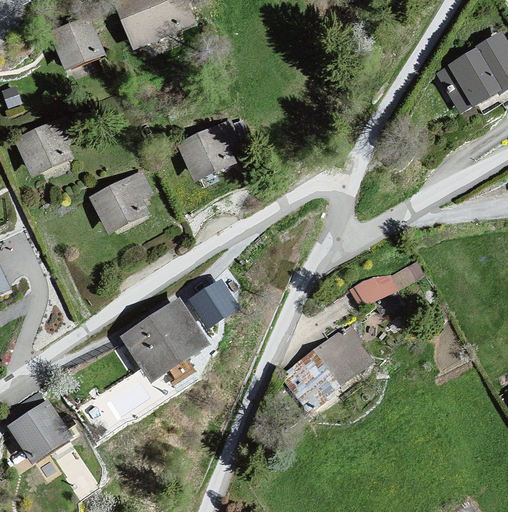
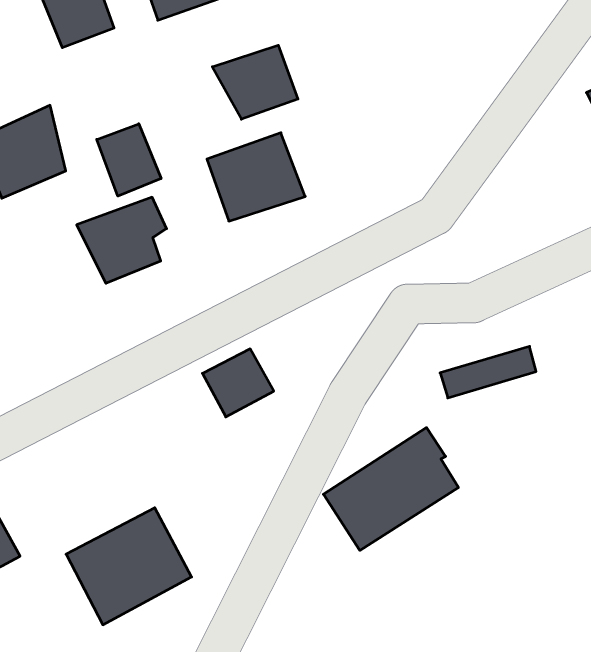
building: none -> [212,45,298,119]
building: none -> [97,124,161,196]
building: [119,293,208,378] -> [66,508,192,625]

